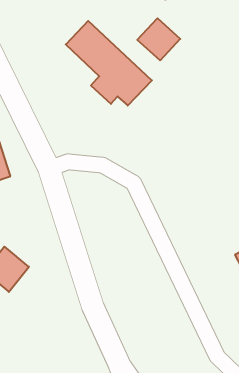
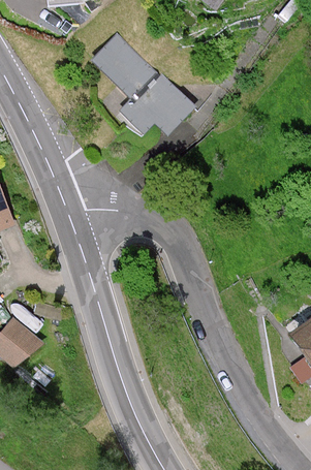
building: [137,18,180,60] -> none

